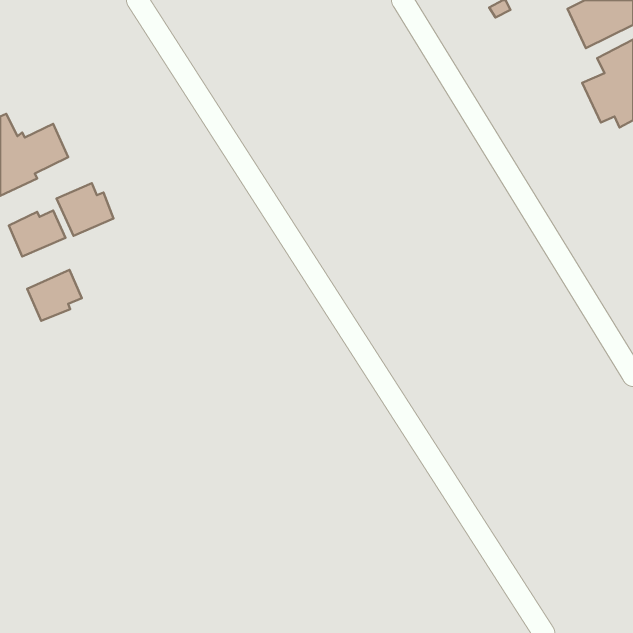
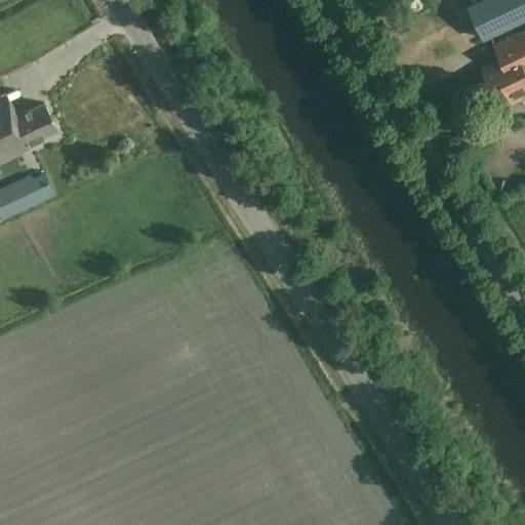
building: [56,183,113,236] -> none
building: [27,270,82,321] -> none

